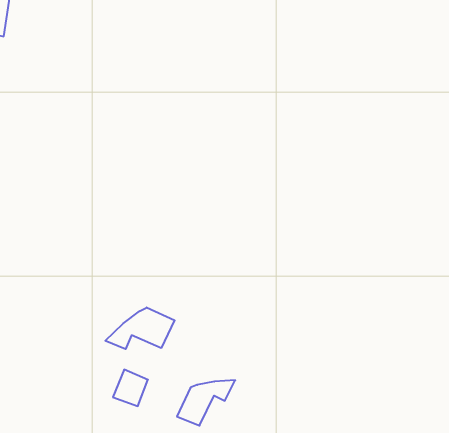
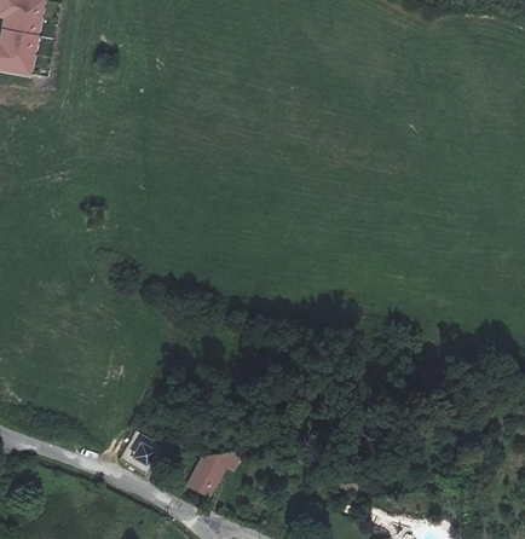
building: [105,307,175,349] -> none

